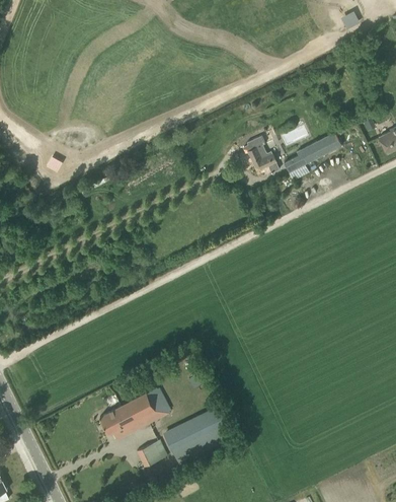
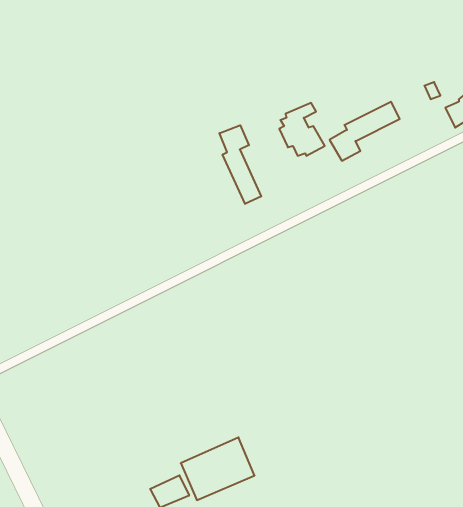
building: none -> [219,125,261,204]
building: [101,387,170,440] -> none

